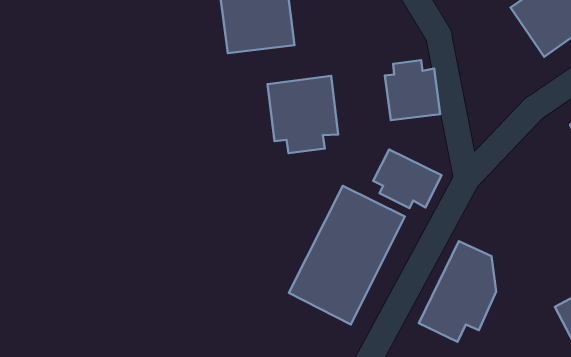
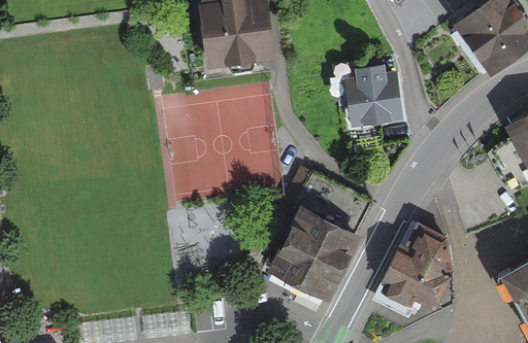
building: [268,76,338,153] -> none
building: [373,149,441,208] -> none

